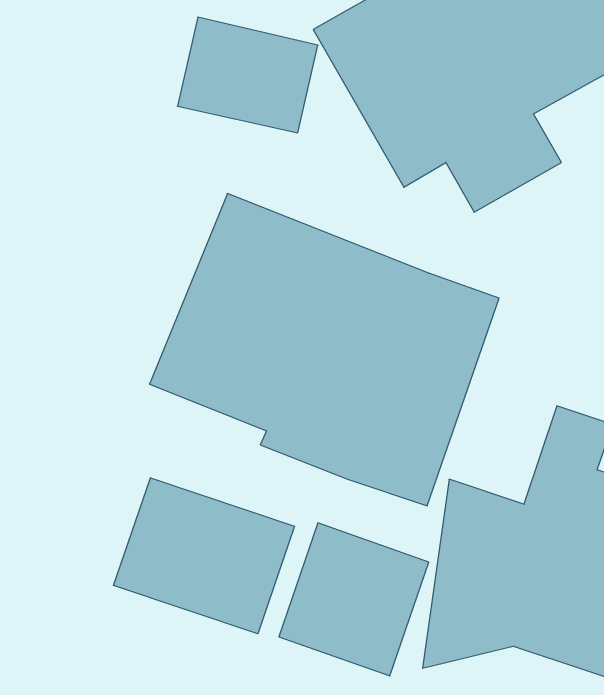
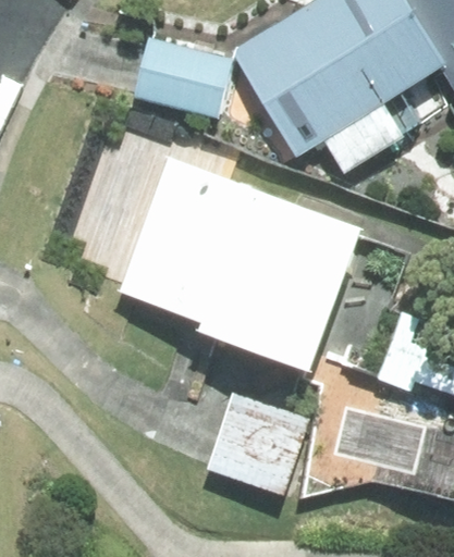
building: [114,478,295,634] -> none

